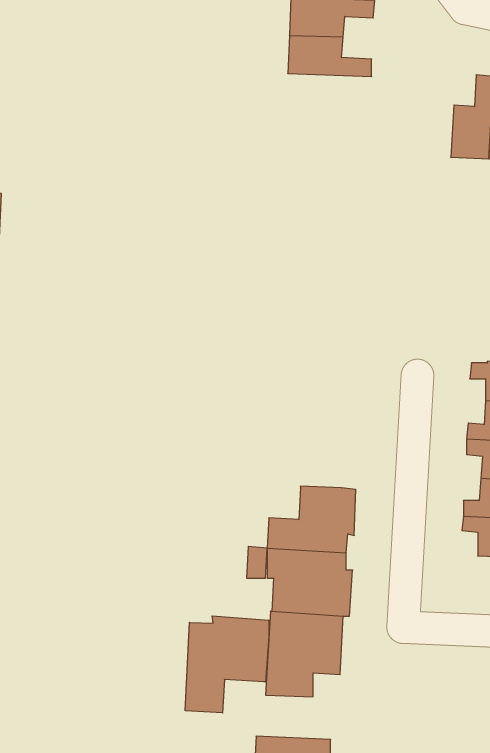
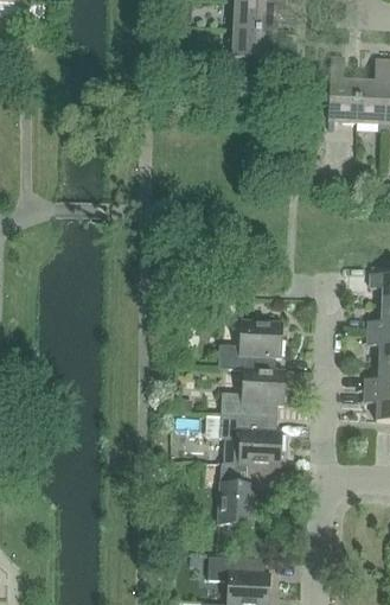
building: none -> [327,56,358,120]
building: none -> [218,318,282,368]
building: [185,616,269,713] -> none

